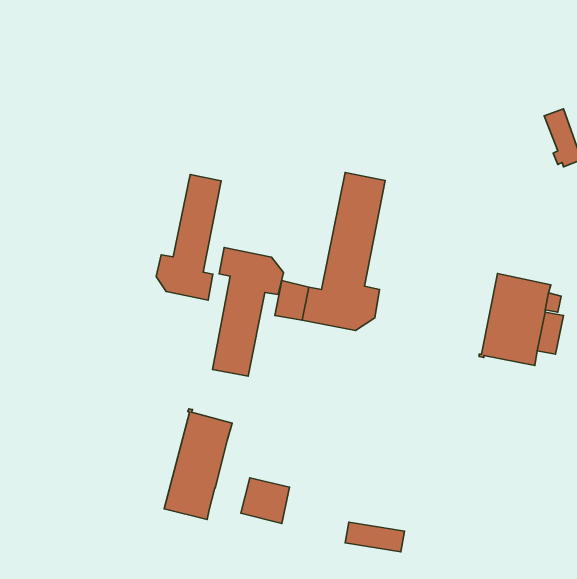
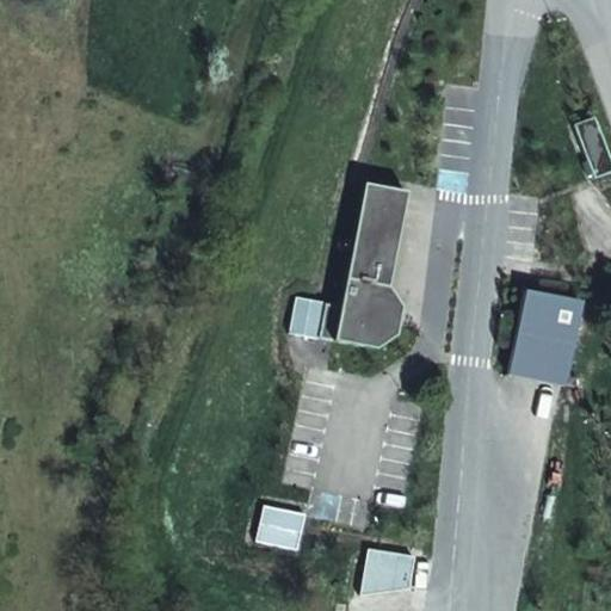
building: [156,174,221,300] -> none
building: [213,248,284,376] -> none
building: [164,409,232,519] -> none

